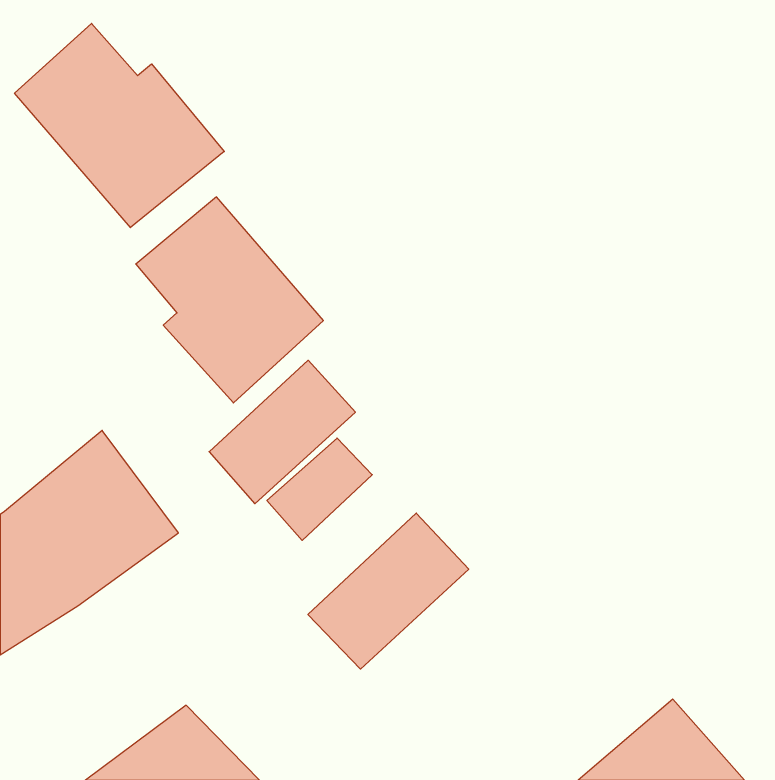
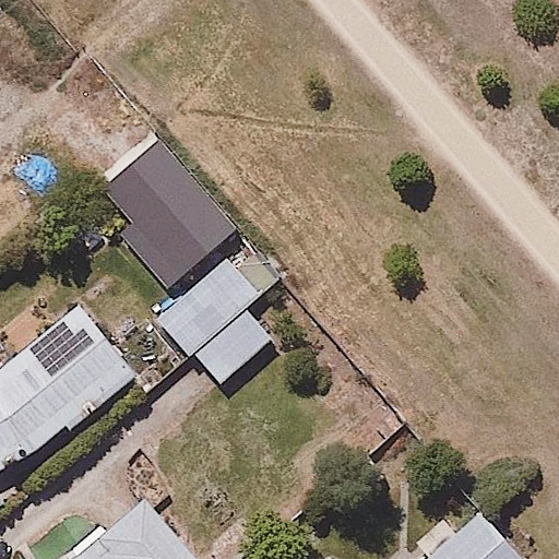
building: [15,23,224,228] -> none
building: [308,513,469,669] -> none

